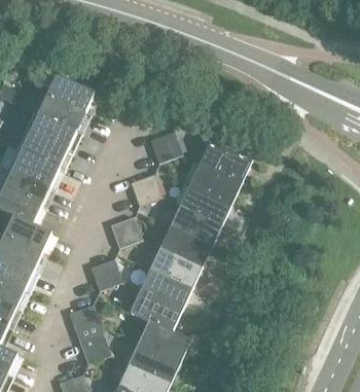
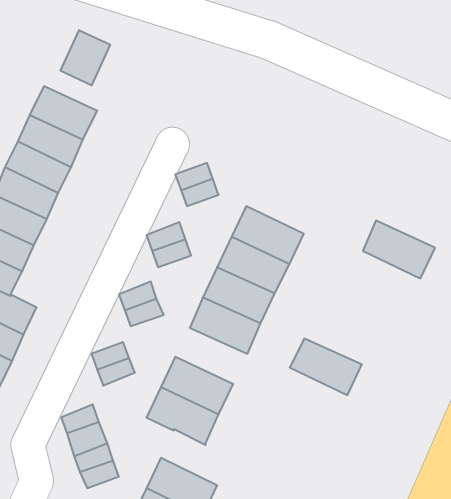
building: none -> [60,30,110,85]
building: [200,141,251,182] -> [363,221,435,278]
building: [149,249,201,289] -> [290,339,362,395]
building: [139,321,188,361] -> none

